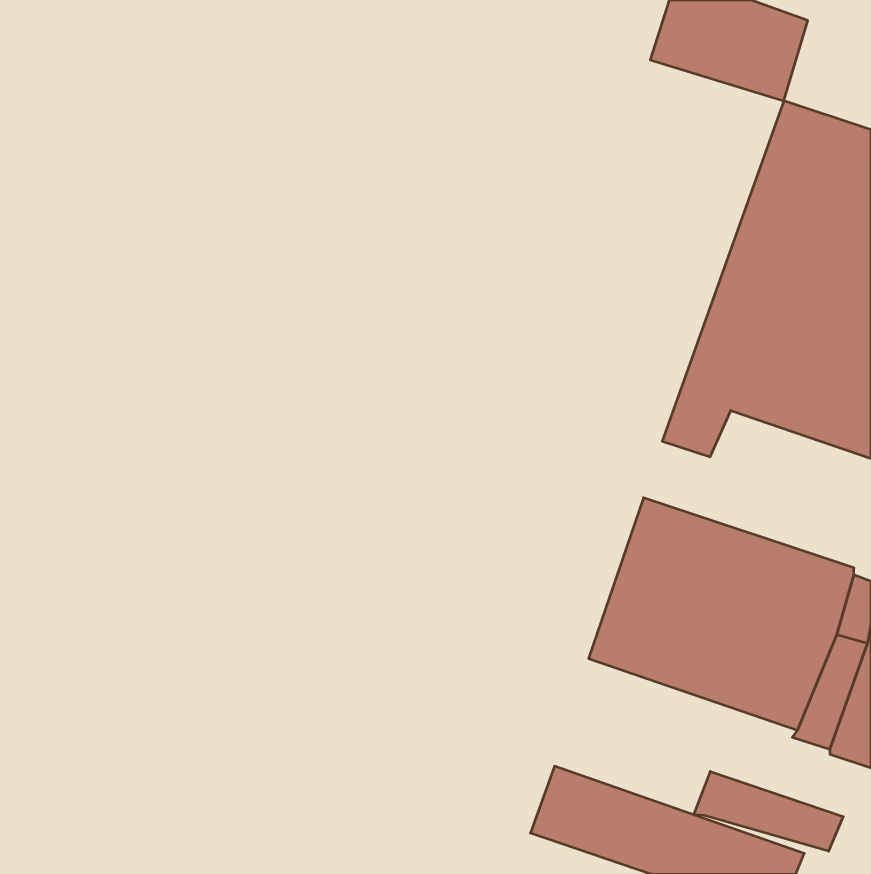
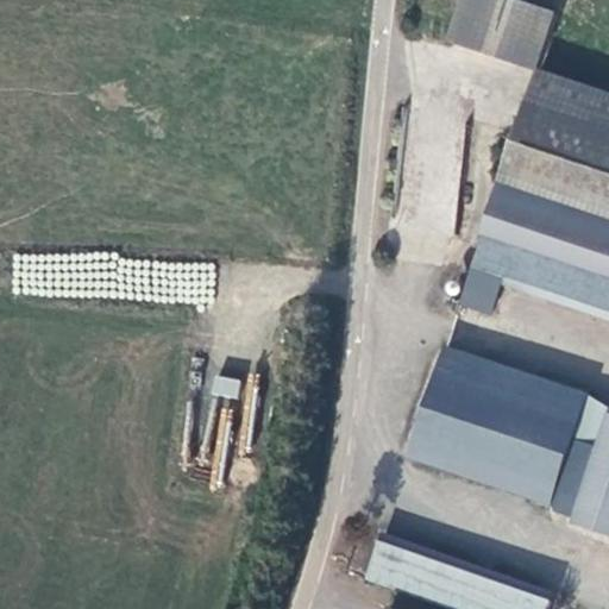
building: [694,771,843,851] -> none

